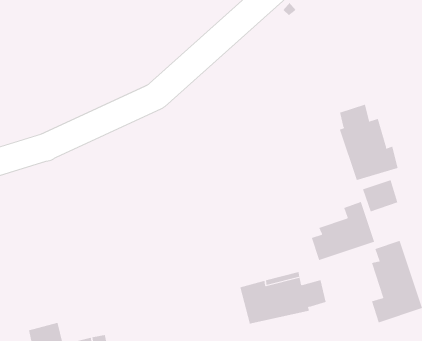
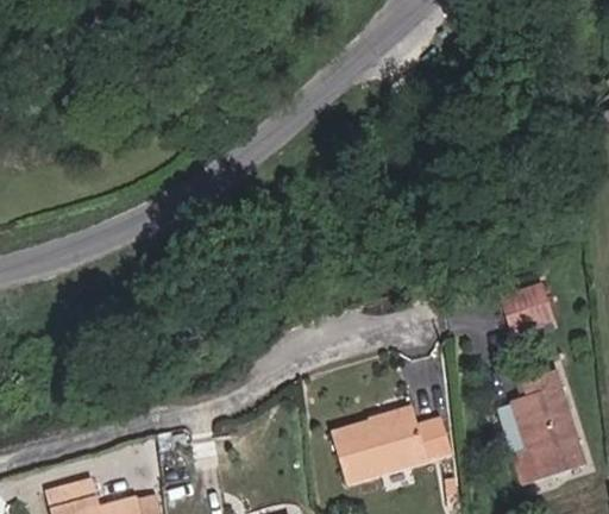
building: [339,104,398,181] -> none
building: [311,201,375,261] -> none

